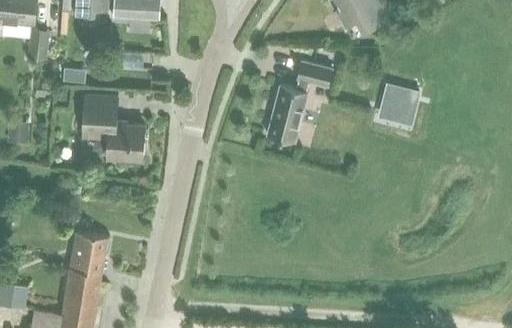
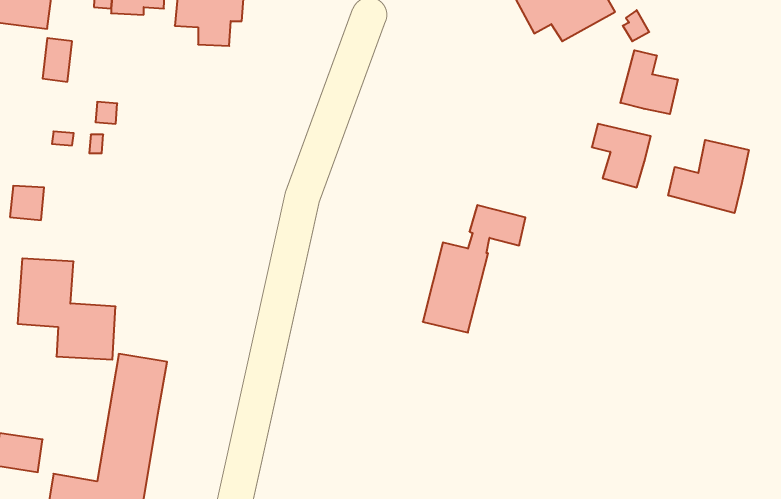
building: none -> [620,50,678,114]
building: [265,61,331,143] -> [423,205,525,333]
building: [81,95,144,160] -> [18,258,116,360]
building: none -> [668,140,749,213]

